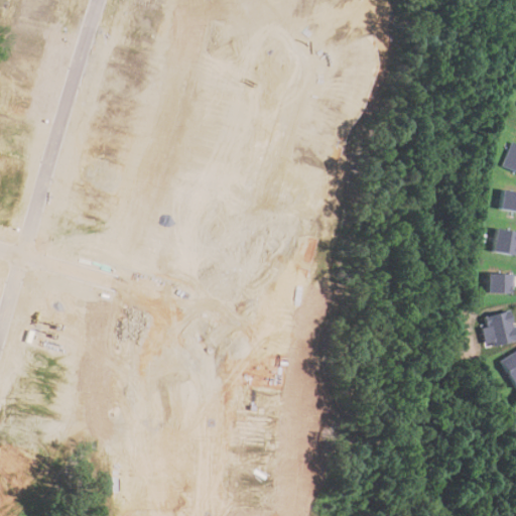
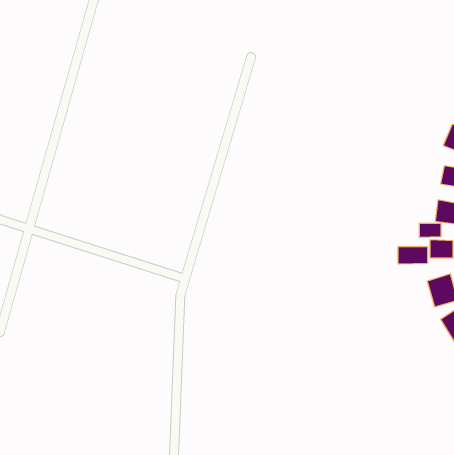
building: none -> [419,223,441,238]
building: none -> [398,246,428,264]

